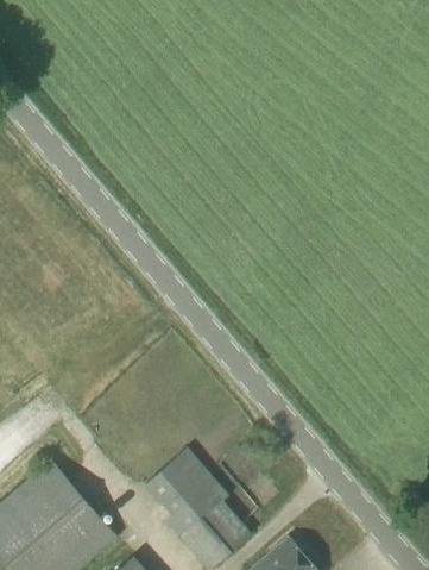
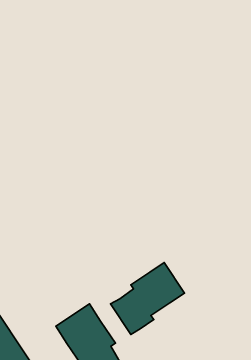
building: none -> [111,262,184,335]

